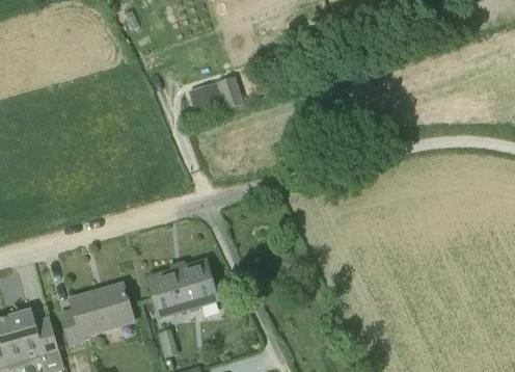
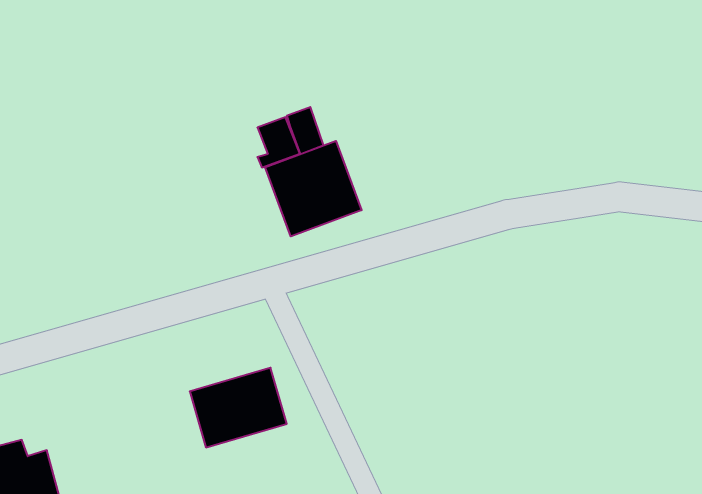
building: none -> [265,141,362,236]
building: [58,284,132,344] -> none

